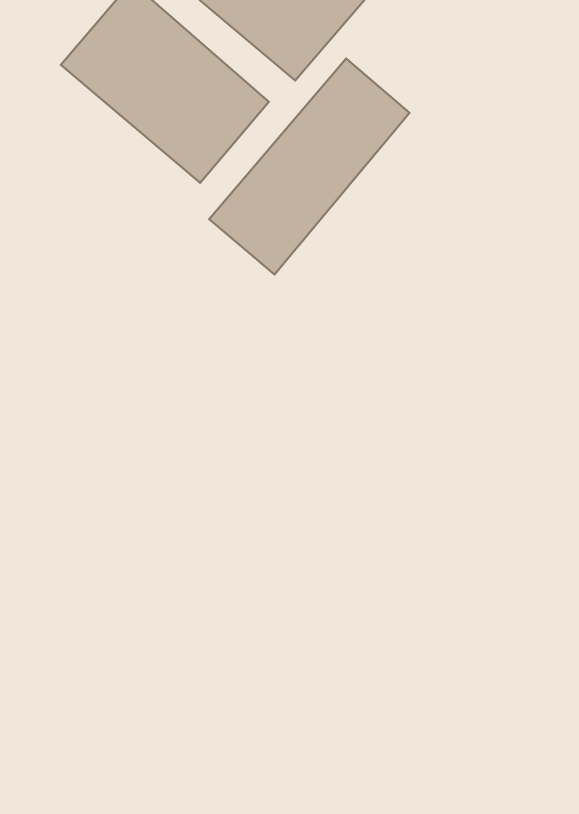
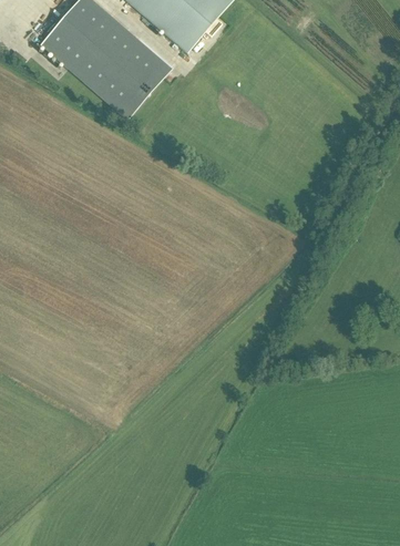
building: [209,59,410,274] -> none

